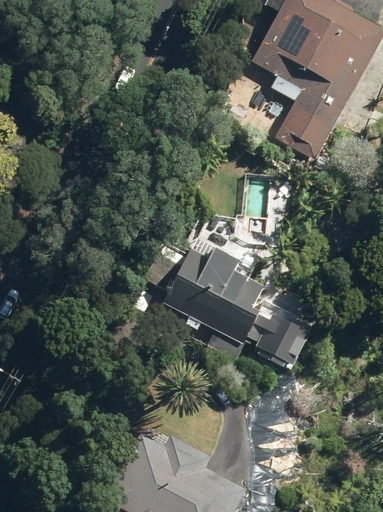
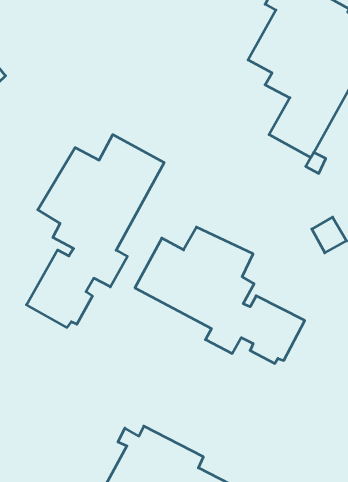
building: none -> [26,135,164,327]

